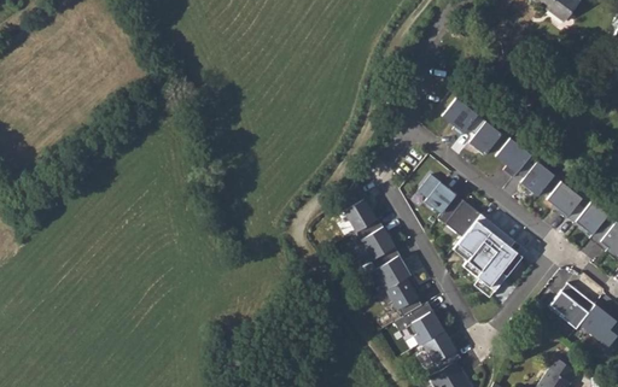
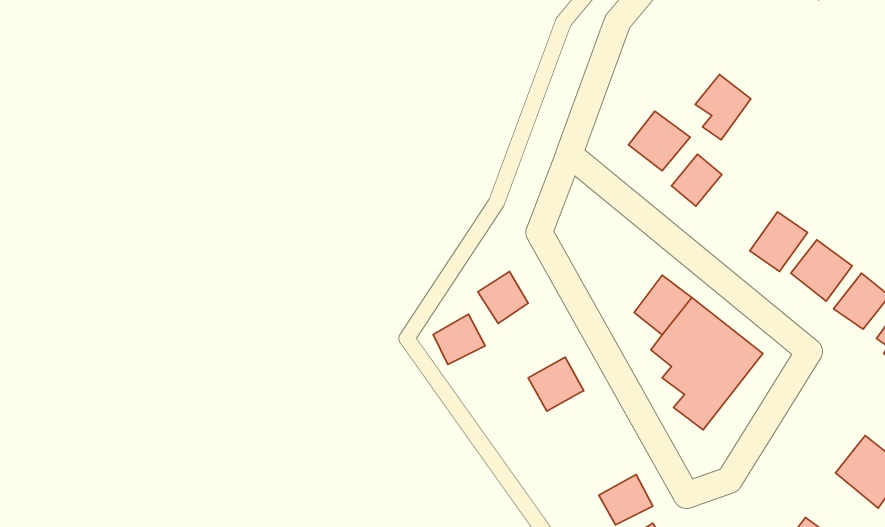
building: [495,136,531,178] -> [695,75,751,140]
building: [413,174,454,213] -> none
building: [361,225,395,258] -> [433,314,485,364]
building: [385,276,420,309] -> none
building: [549,282,594,328] -> none
building: [407,307,445,345] -> none

